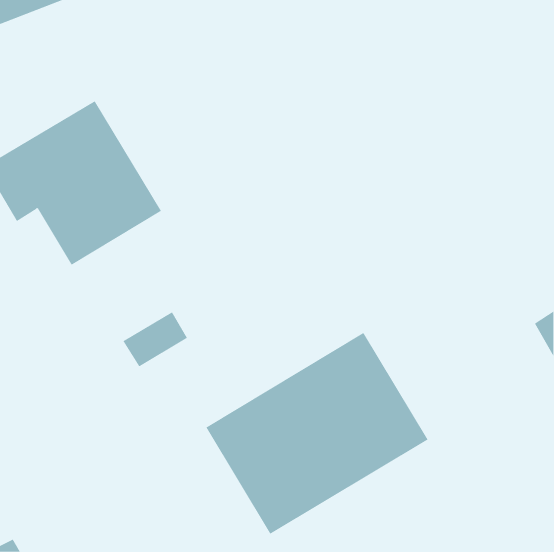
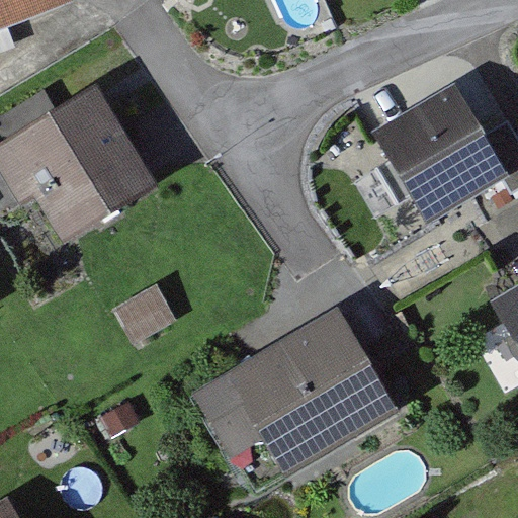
building: none -> [376,81,509,220]

